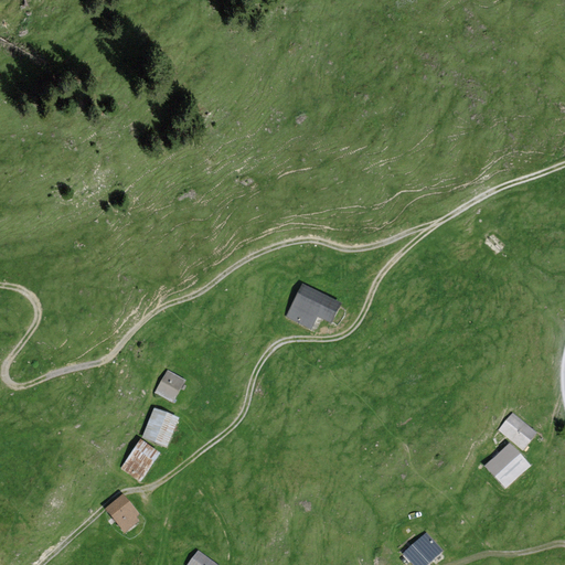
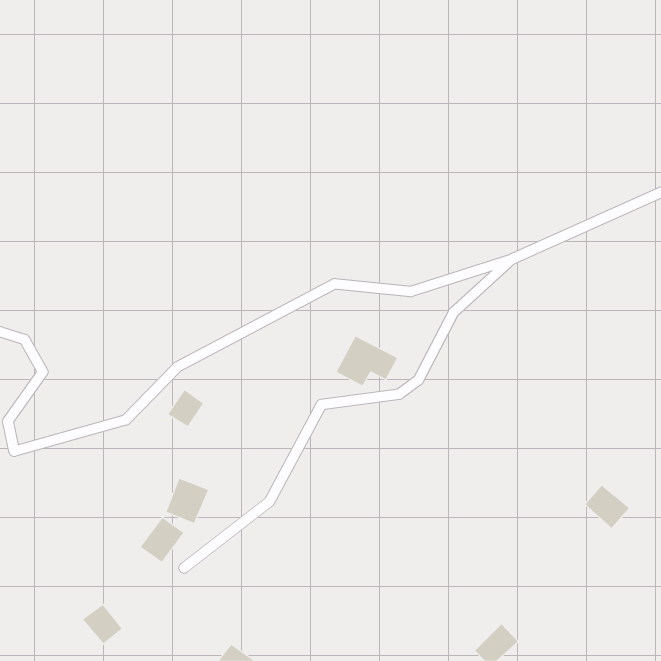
building: [153,369,184,401] -> [167,389,204,427]
building: [483,445,527,489] -> none
building: [105,497,139,531] -> [82,604,122,644]

